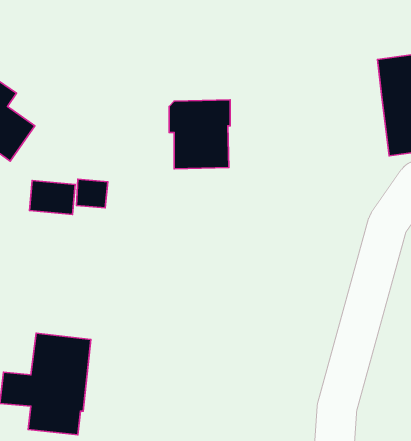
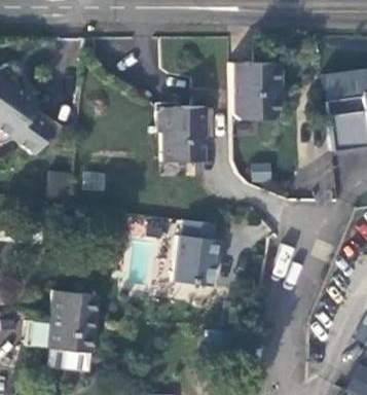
building: none -> [231,63,282,118]
building: none -> [173,219,220,285]

